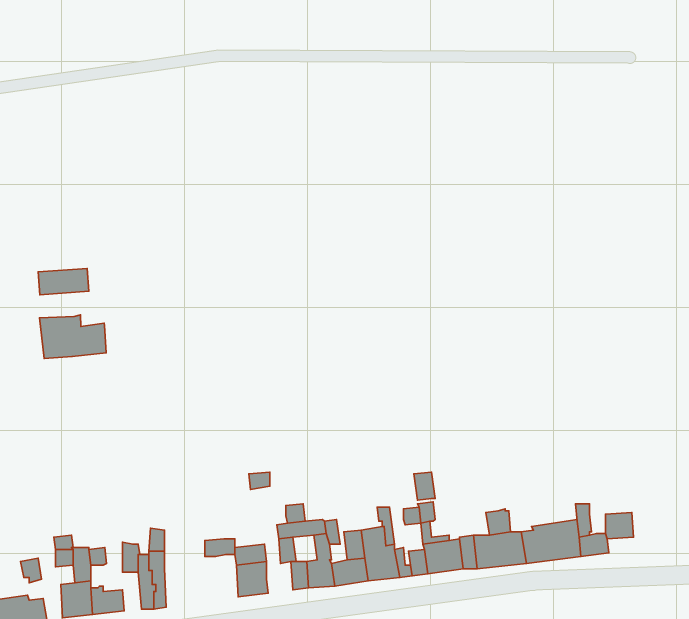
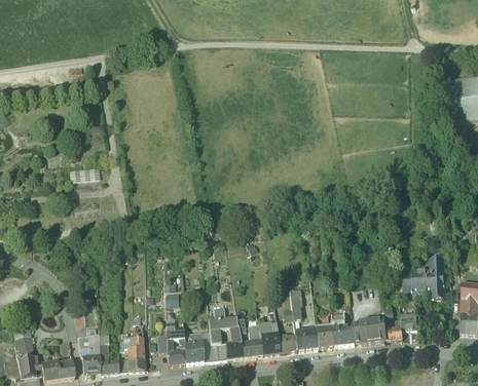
building: [40,315,106,358] -> none
building: none -> [403,254,445,299]
building: none -> [167,338,186,364]

